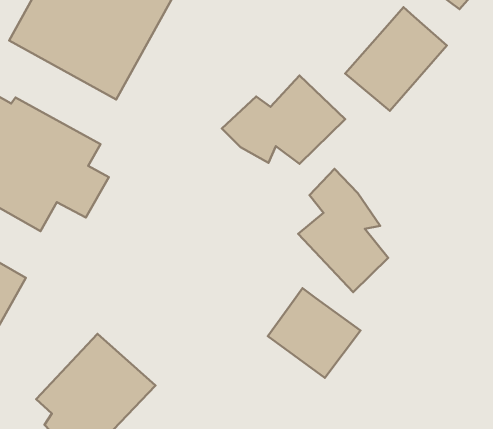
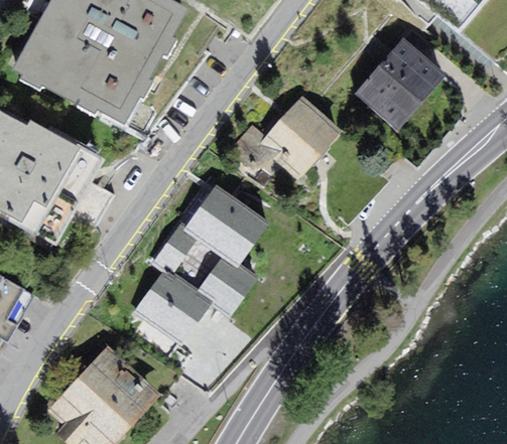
building: none -> [135,186,267,343]
building: [298,169,388,292] -> none
building: [268,288,360,378] -> none

